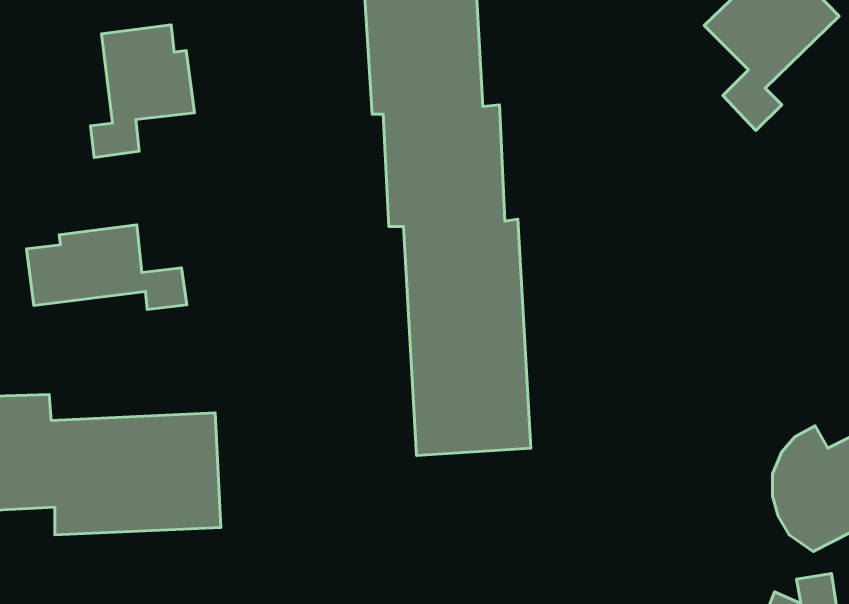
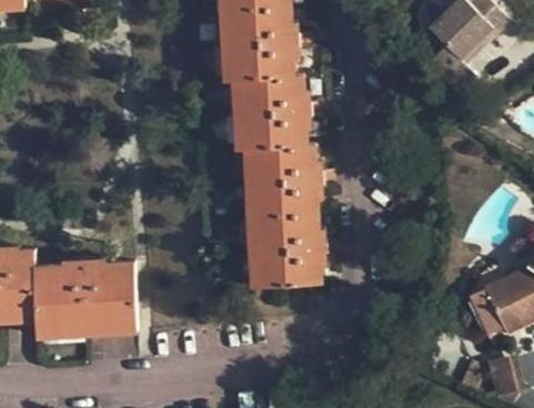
building: [91,25,194,158] -> none
building: [26,225,187,309] -> none

